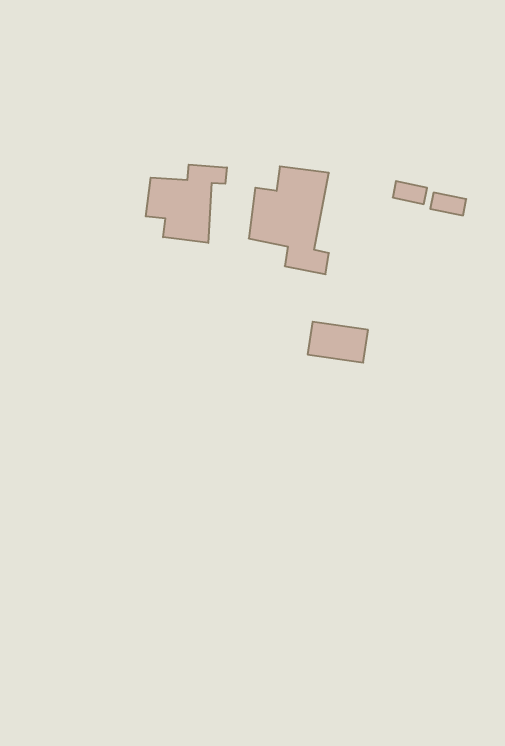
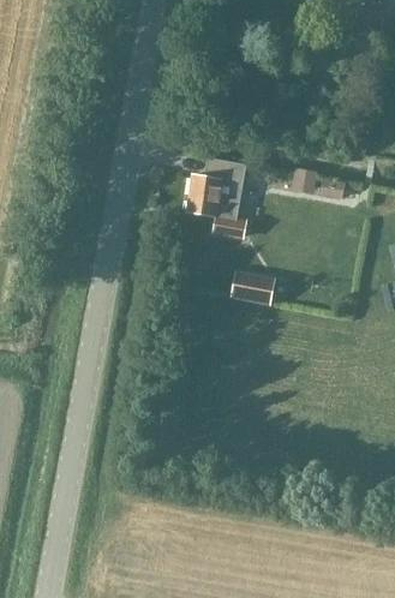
building: [146,165,227,243] -> none

